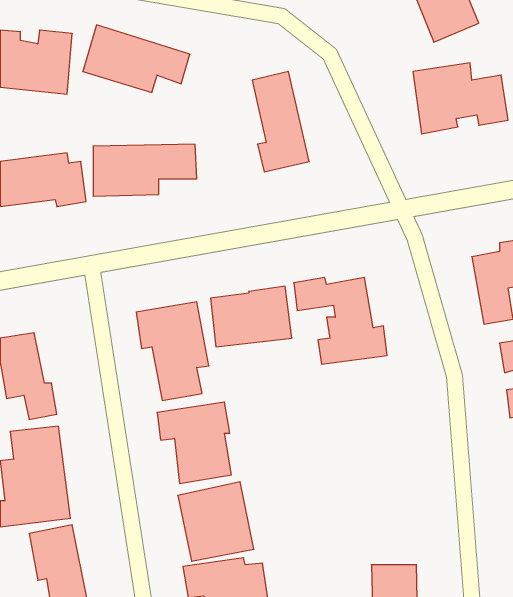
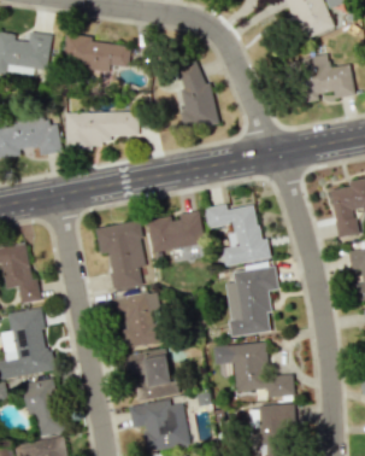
building: none -> [226,265,278,335]
building: none -> [214,343,295,397]

